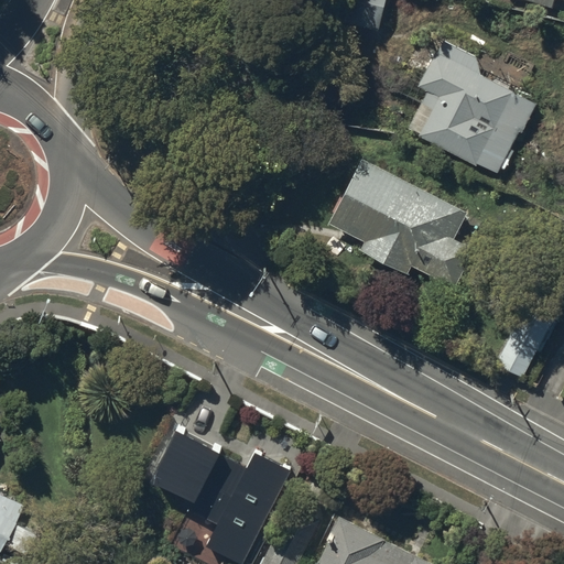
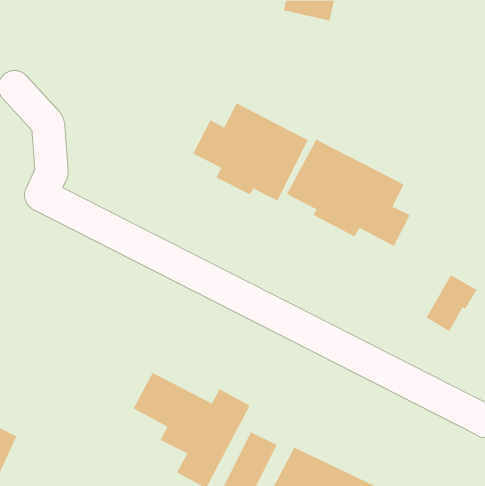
building: [421,44,533,175] -> none
building: none -> [192,103,309,201]

